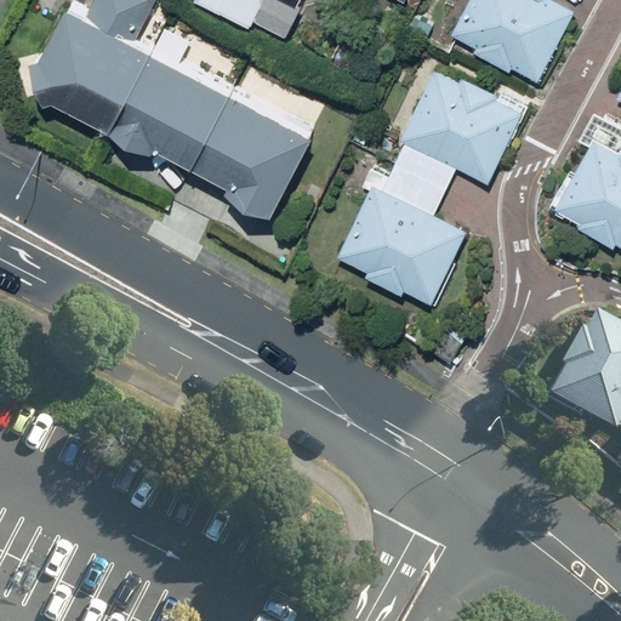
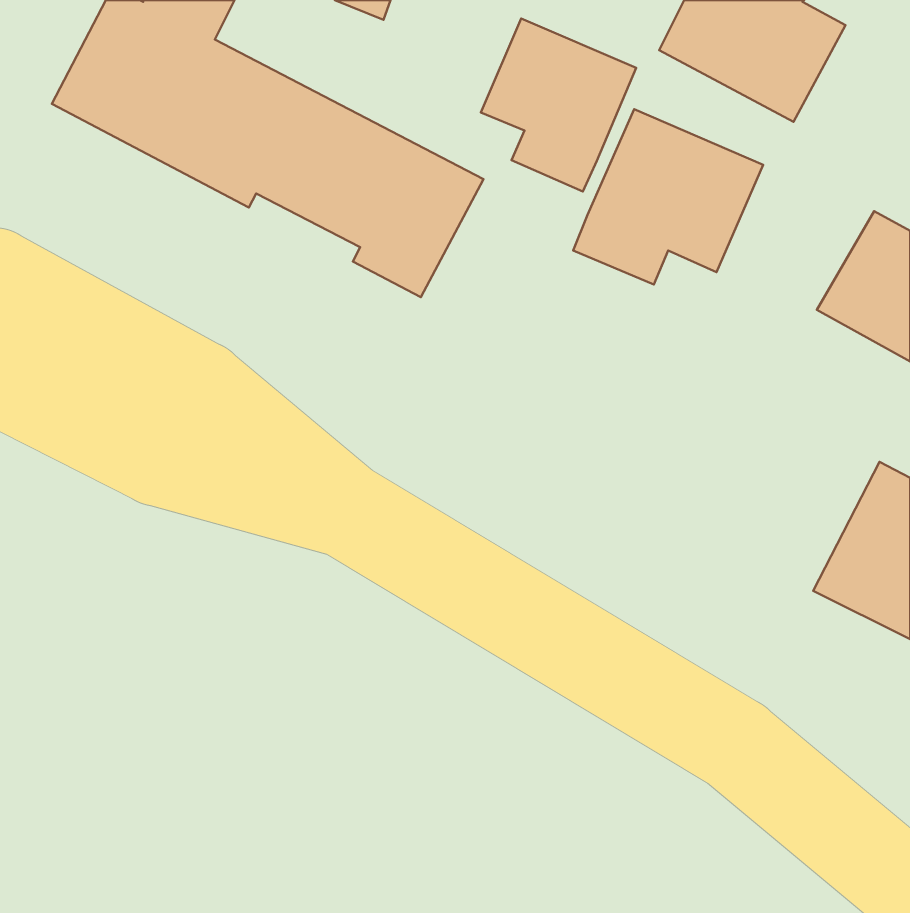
building: none -> [481,18,636,191]
building: [336,171,465,307] -> none

